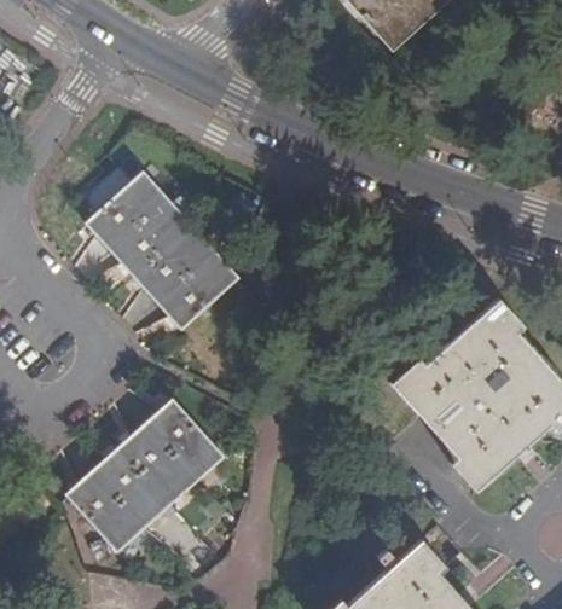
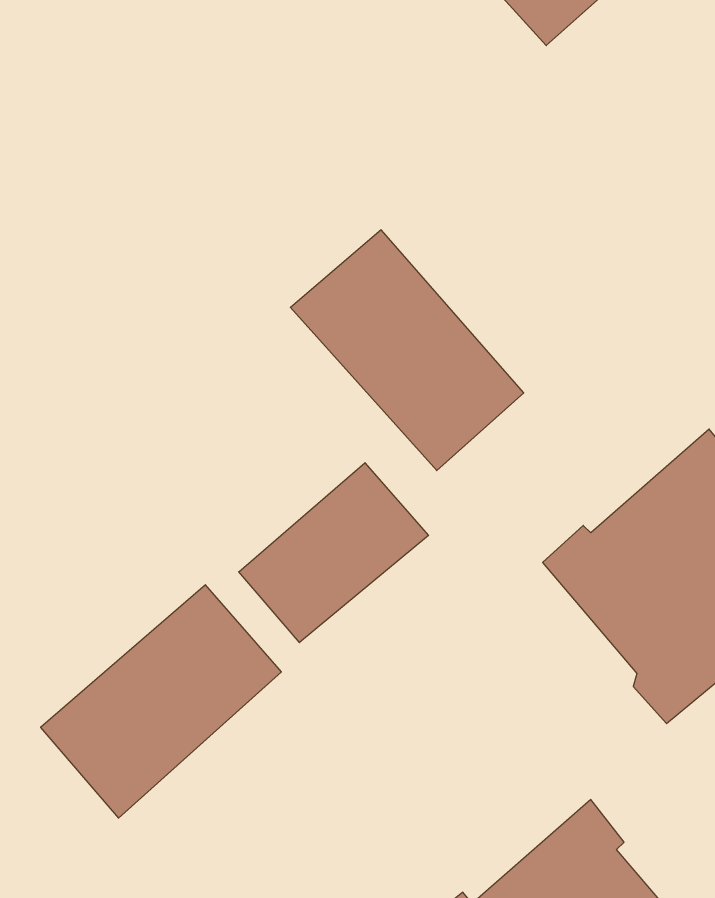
building: [85,173,237,330] -> [290,230,524,471]
building: none -> [239,463,428,643]

